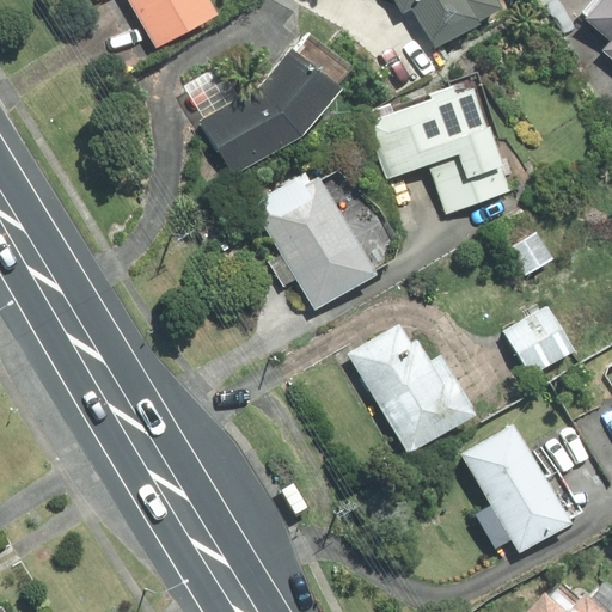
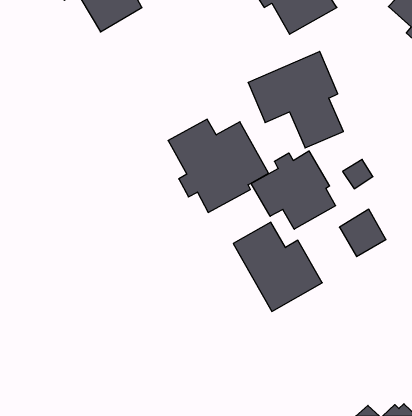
building: [198,32,350,178] -> none
building: none -> [251,151,336,229]
building: [460,424,586,559] -> none

